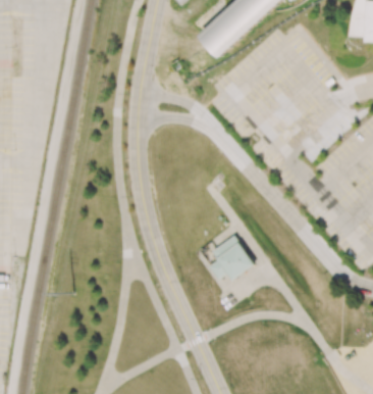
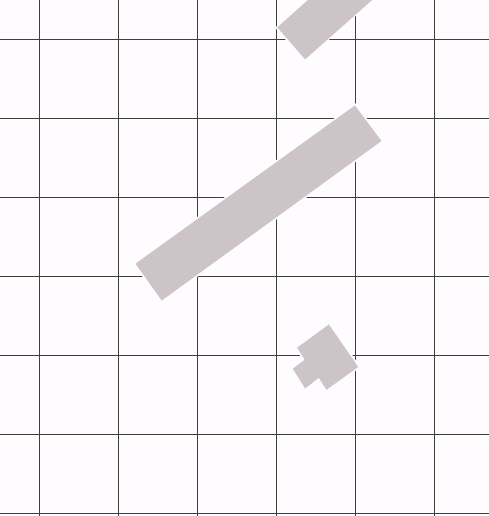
building: none -> [134,104,383,302]

